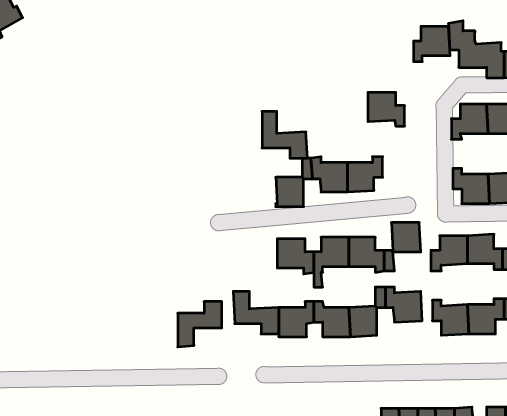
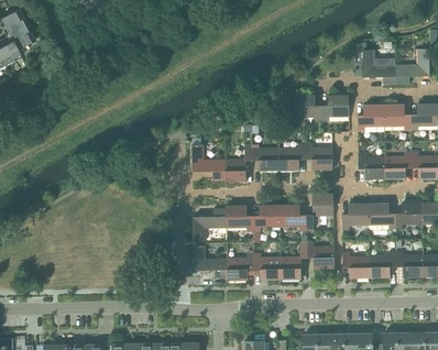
building: [414,26,450,62] -> [321,95,349,121]
building: [262,111,307,158] -> [191,144,226,179]
building: none -> [305,144,332,169]
building: [178,302,222,347] -> [193,208,226,242]

